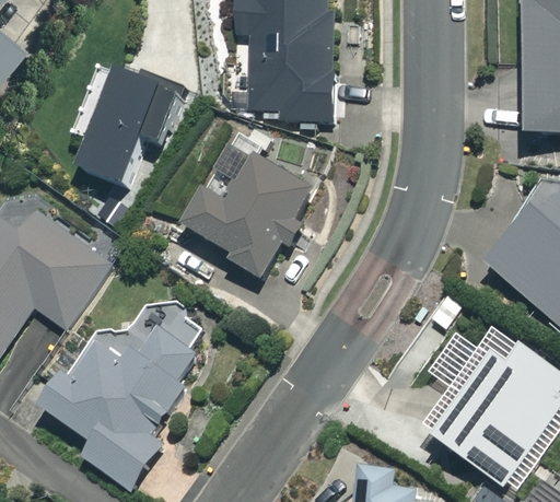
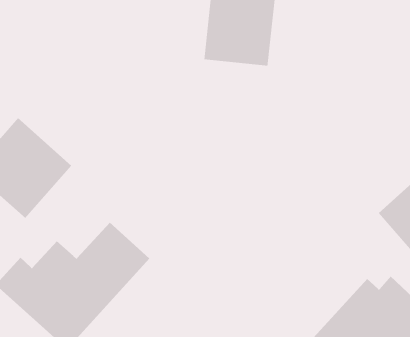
building: [81,70,175,189] -> none
building: [173,144,304,270] -> none

